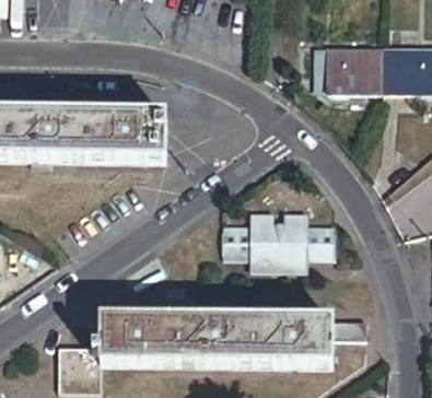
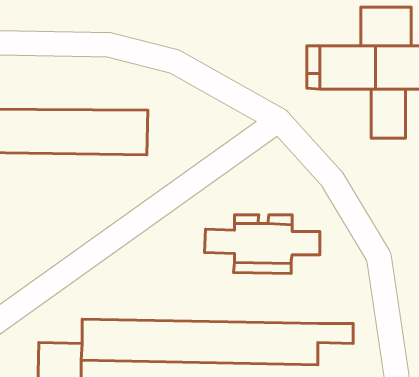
building: none -> [361,7,411,46]
building: none -> [371,89,406,138]

